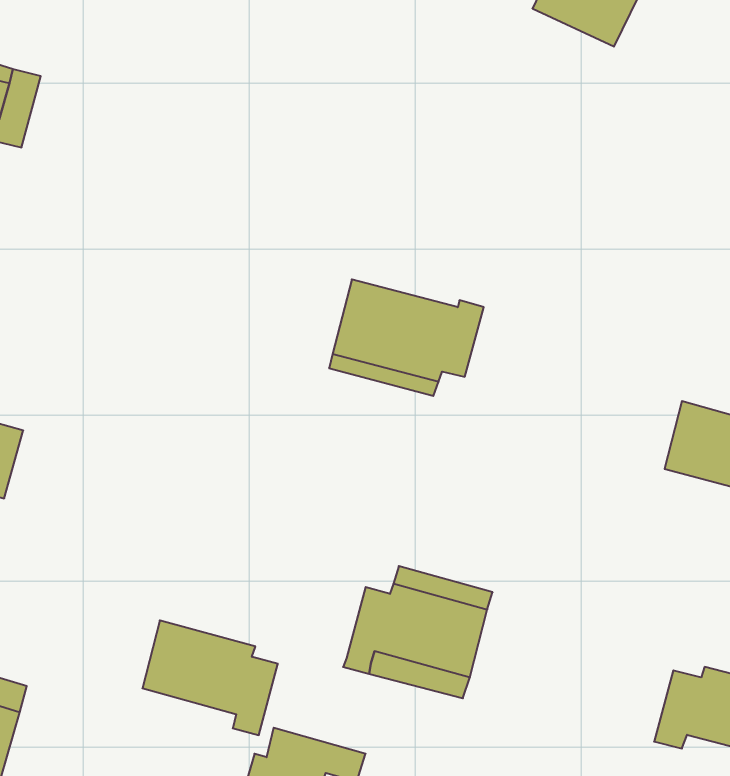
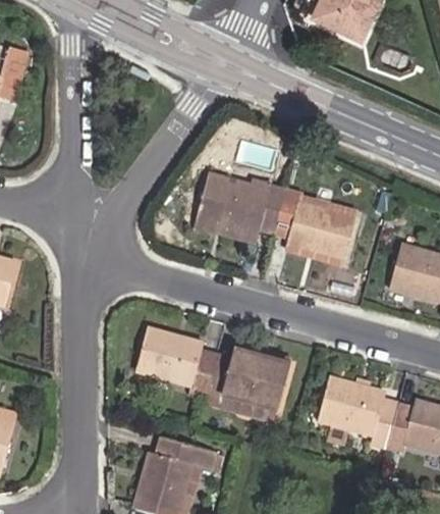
building: none -> [274,191,354,258]
building: [142,620,278,735] -> [136,329,216,397]
building: none -> [317,378,396,446]

